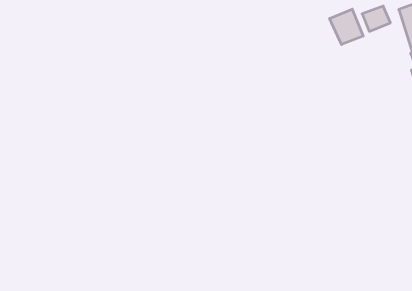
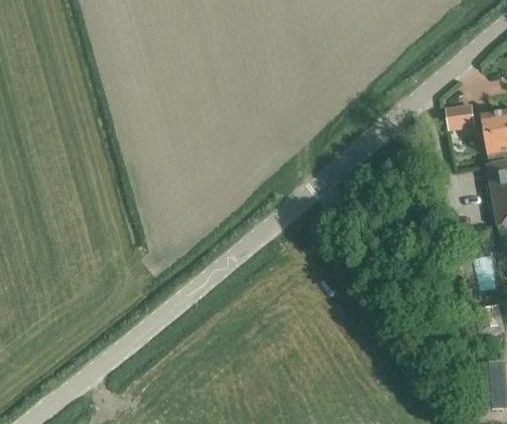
building: [330,9,363,45] -> none

